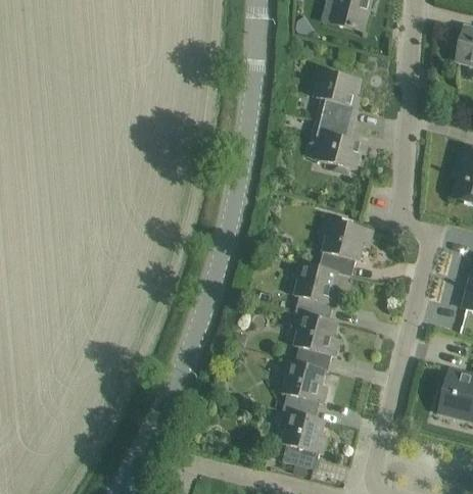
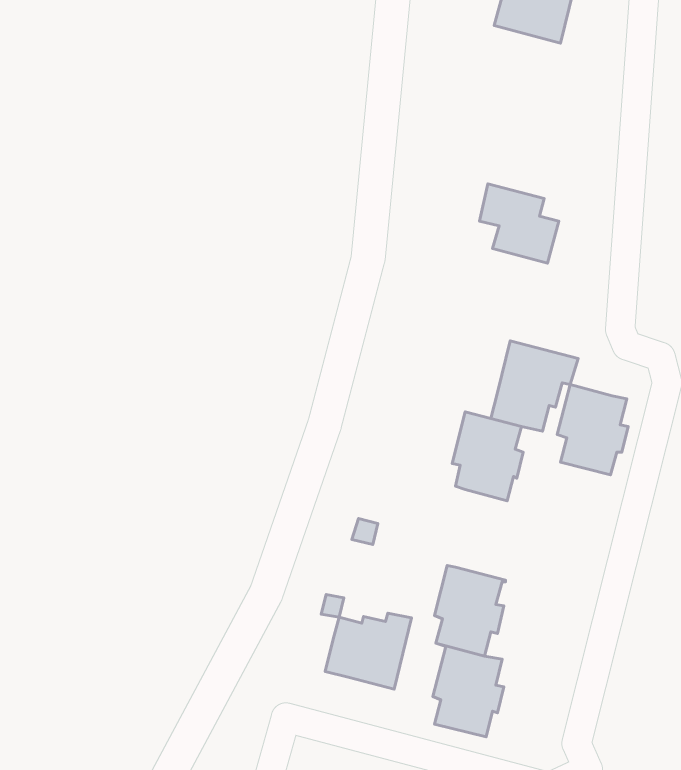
building: [315,70,358,129] -> none
building: [293,312,338,369] -> [557,384,628,475]
building: none -> [325,613,411,689]

